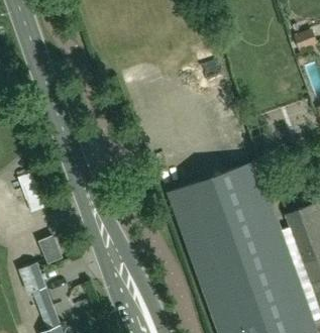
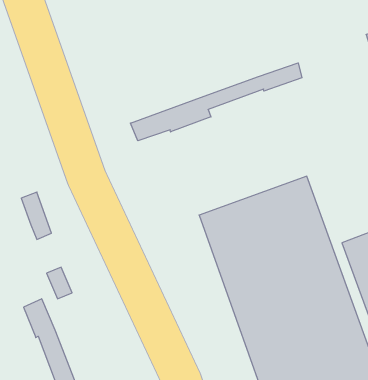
building: none -> [130,63,302,141]

